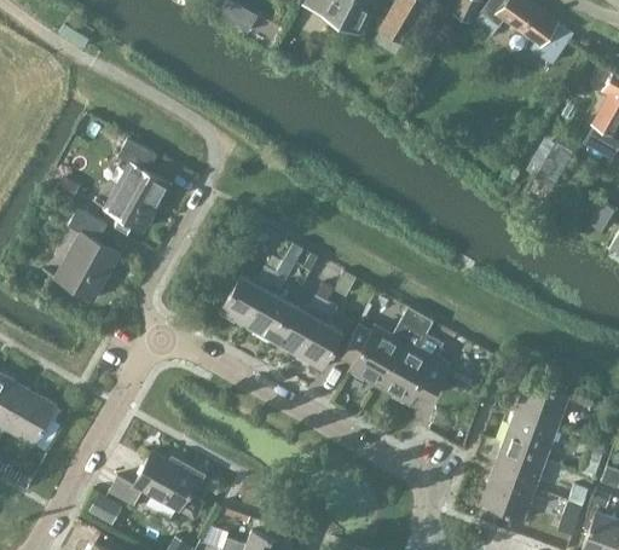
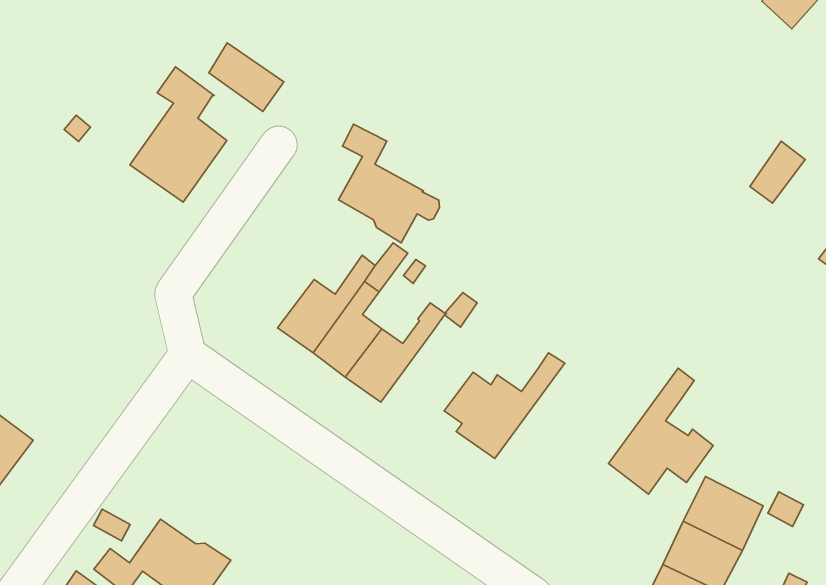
building: none -> [209,43,284,111]
building: none -> [338,124,440,243]
building: [54,208,118,301] -> none
building: [295,300,342,370] -> none
building: [378,313,450,403] -> [608,368,713,494]

